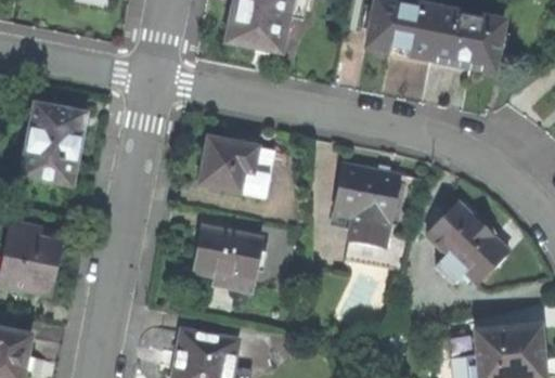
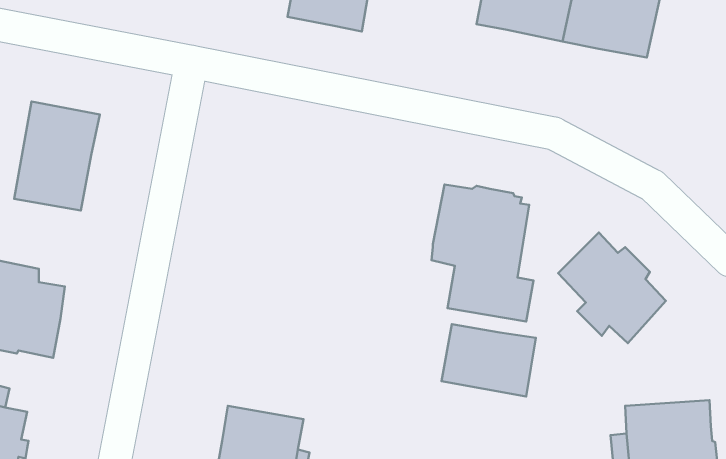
building: [196,136,259,194] -> none
building: [194,227,261,291] -> none
building: none -> [441,324,536,396]

